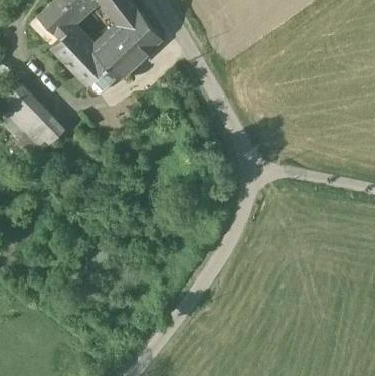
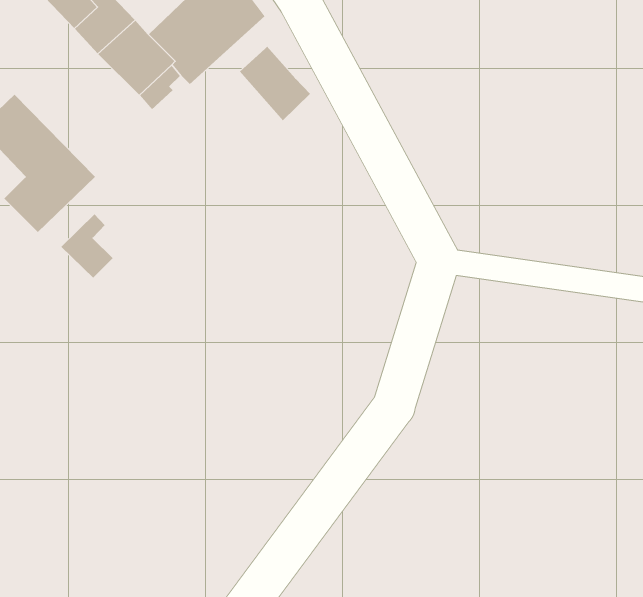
building: none -> [239,46,311,121]
building: none -> [60,213,113,279]

